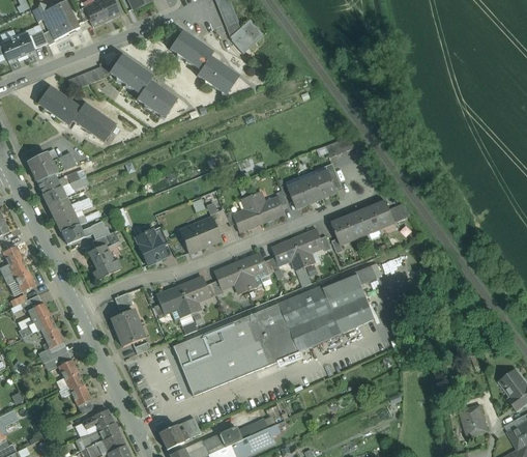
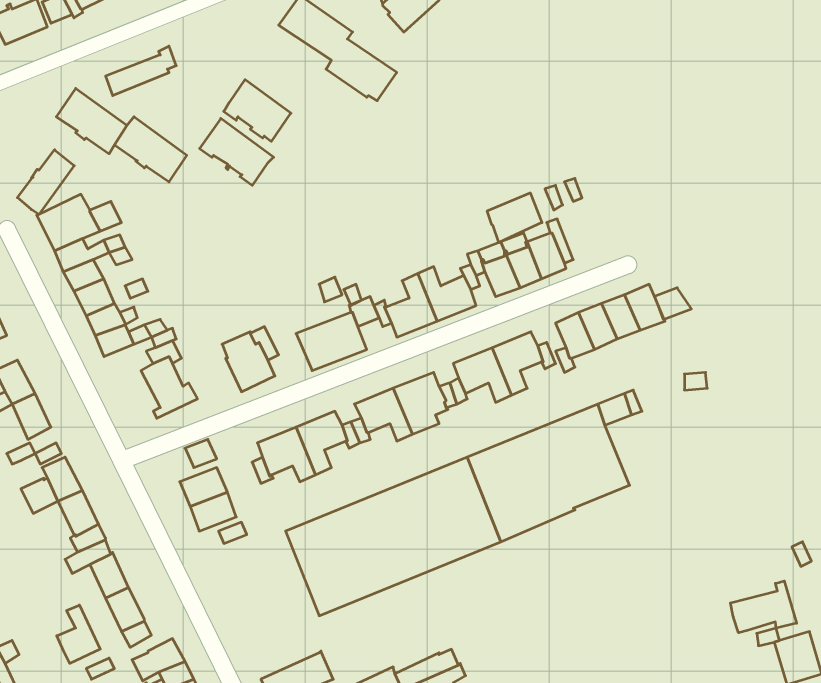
building: [109,55,152,94] -> [200,118,274,185]
building: none -> [17,150,74,214]
building: none -> [487,193,542,243]
building: none -> [730,581,797,633]
building: none -> [57,605,100,663]

